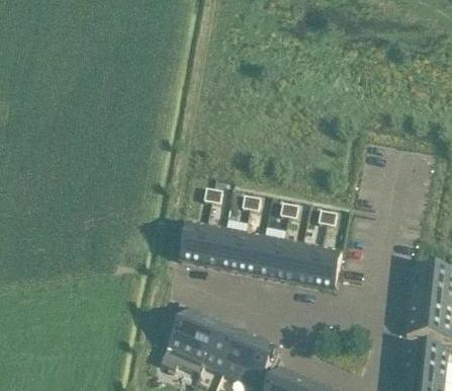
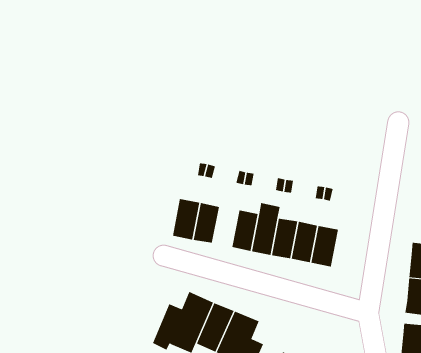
building: [220,230,246,269] -> none

